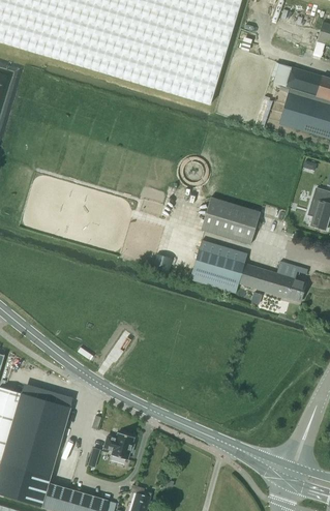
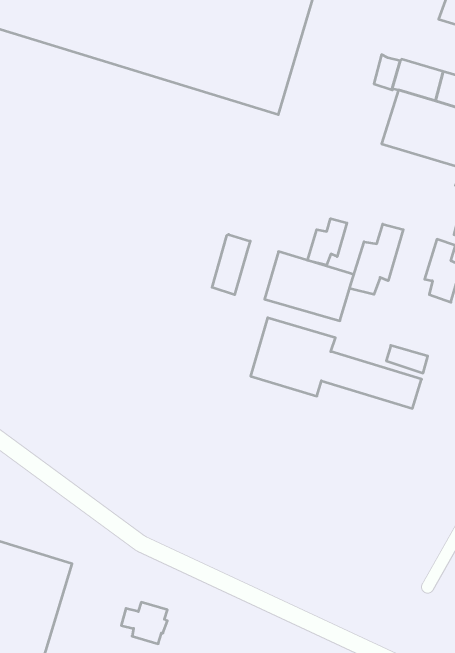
building: none -> [307,219,347,265]
building: none -> [350,224,403,294]
building: none -> [212,234,250,295]

